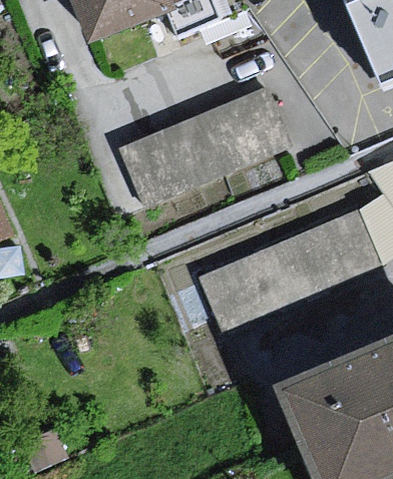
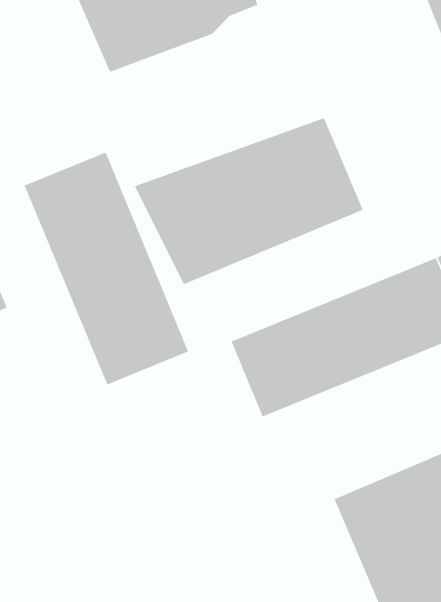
building: none -> [24,151,189,386]

